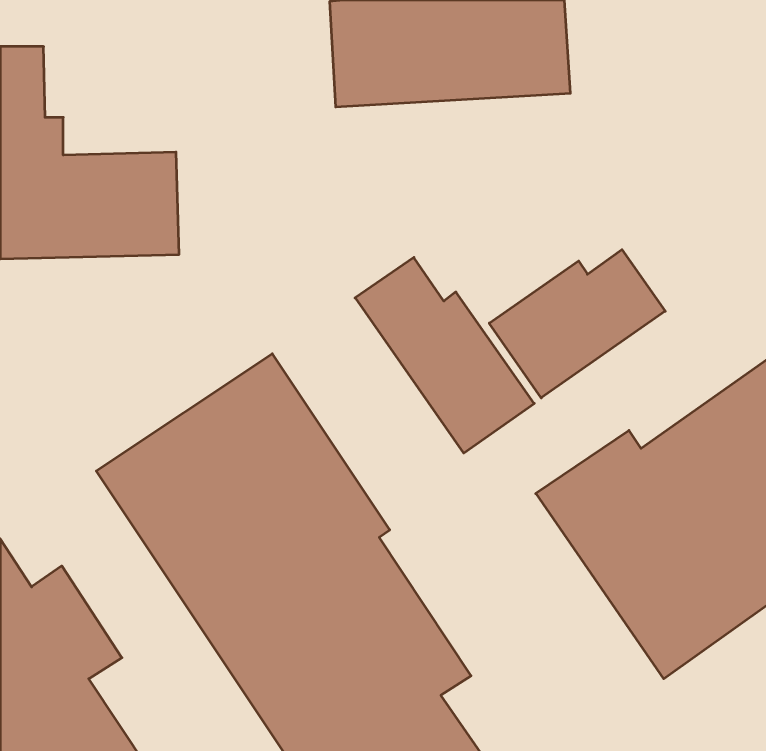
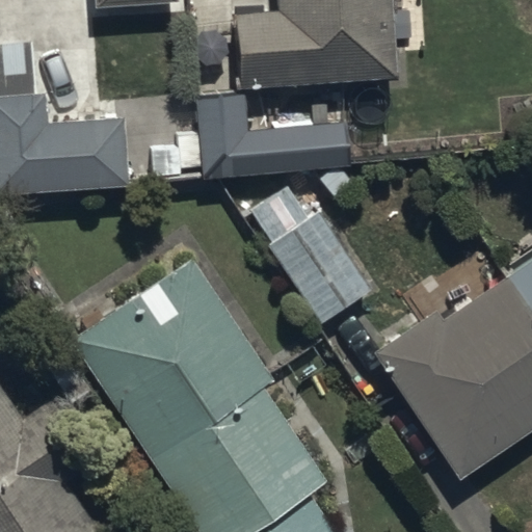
building: none -> [197,96,350,182]
building: [489,250,665,398] -> none

